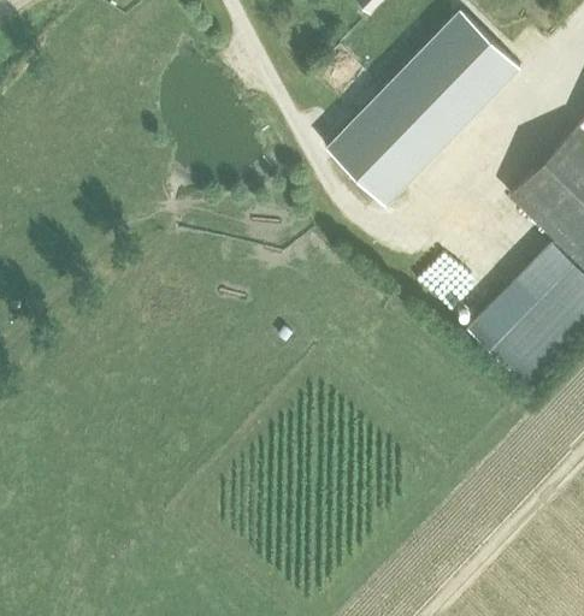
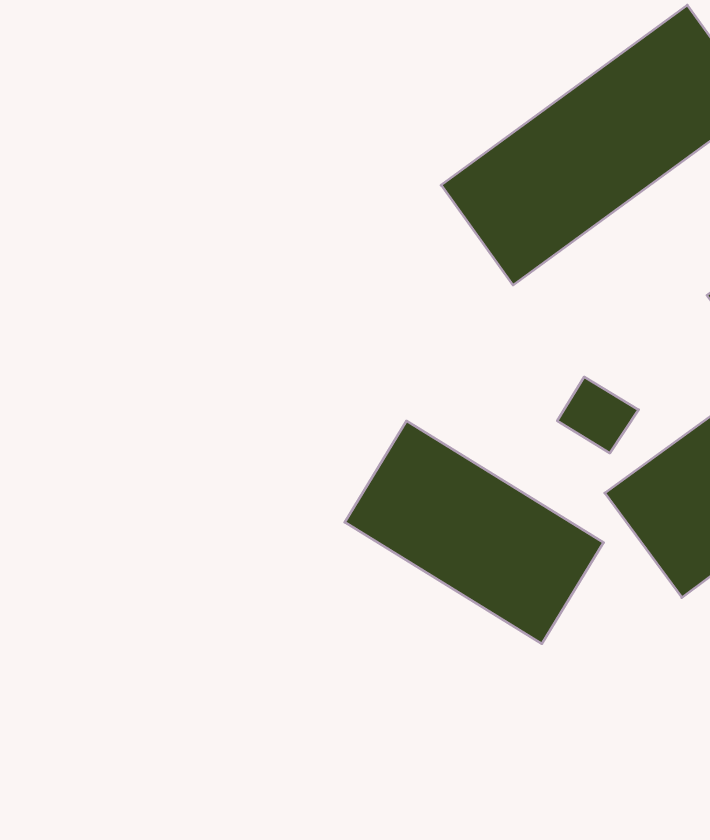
building: none -> [345,421,604,644]

